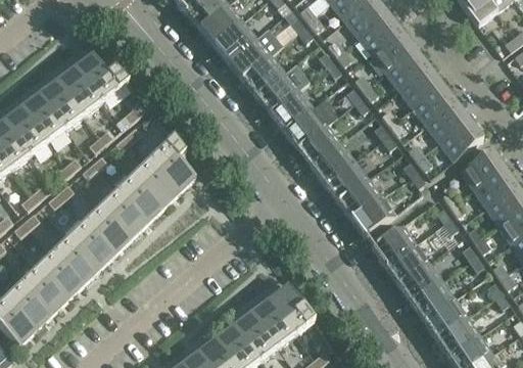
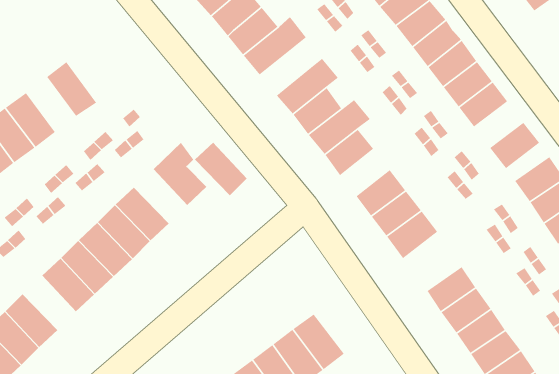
building: [74,54,128,103] -> none
building: [240,55,284,97] -> none
building: [39,81,82,129] -> none
building: [425,102,468,142] -> none
building: [310,143,352,184] -> none
building: [132,160,178,208] -> [194,142,248,196]
building: [370,224,415,266] -> none
building: [36,252,82,300] -> none

